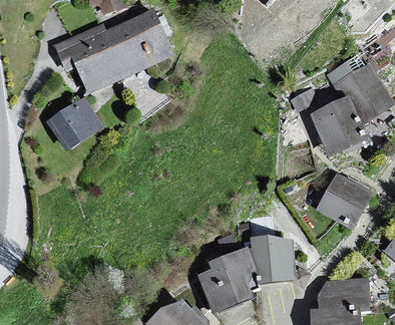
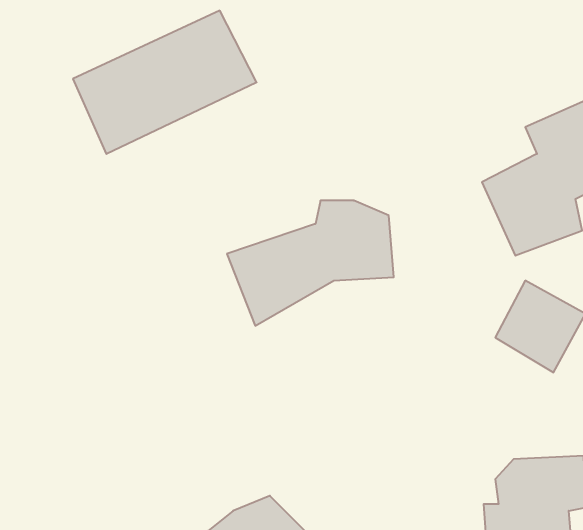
building: [45,96,100,149] -> none
building: [195,235,296,310] -> [227,201,394,326]

